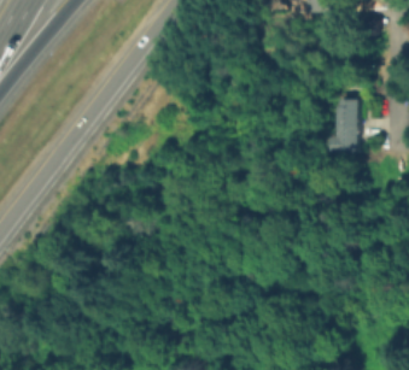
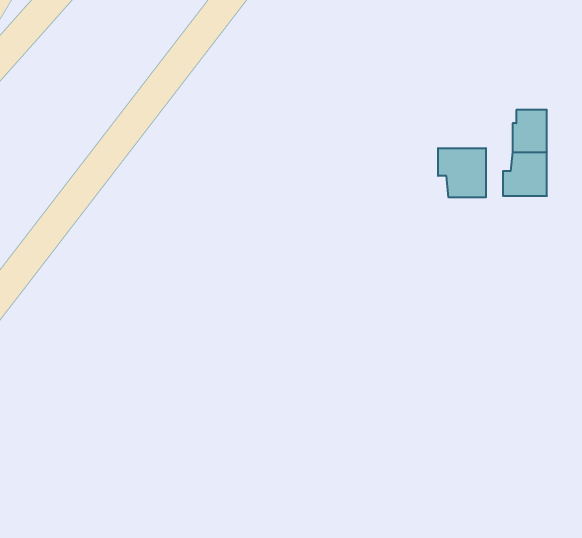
building: none -> [438,148,486,197]

